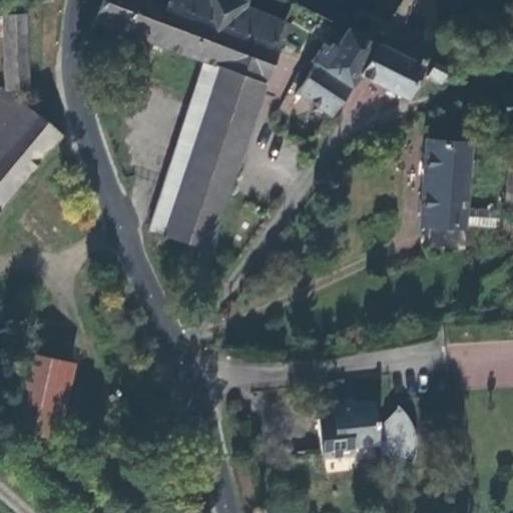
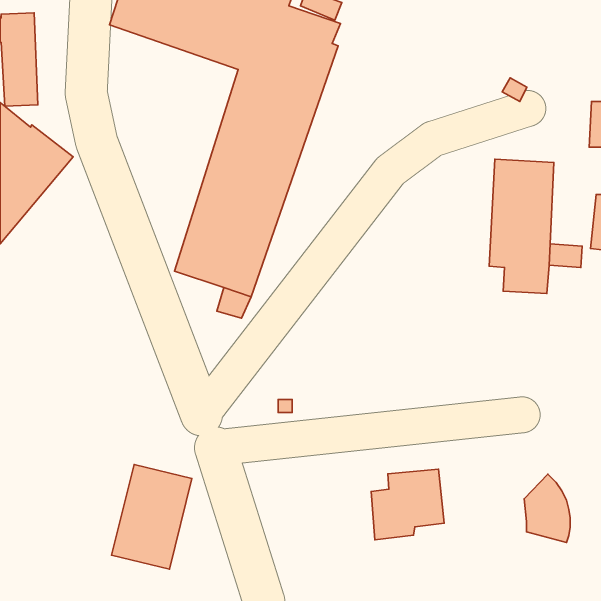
building: [297,27,427,117] -> none
building: [8,351,76,440] -> [112,464,192,569]
building: [377,405,416,463] -> [524,474,570,543]

